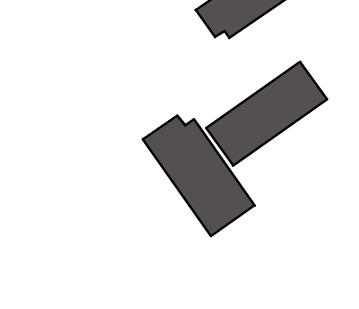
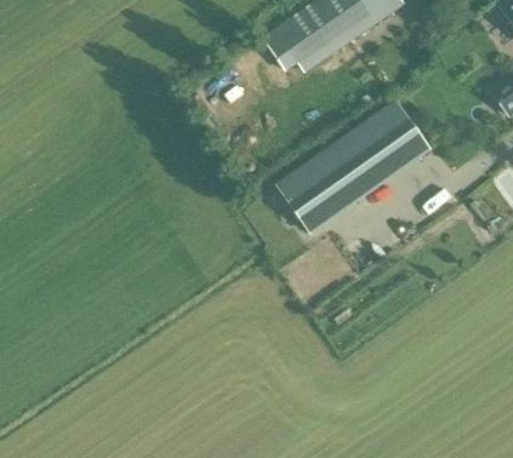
building: [143,116,255,236] -> none

